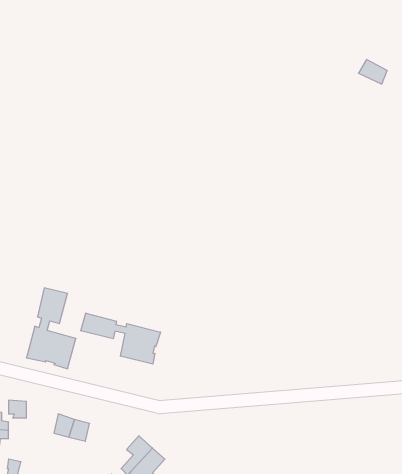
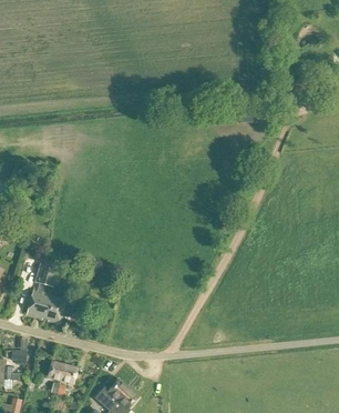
building: [81,313,160,364] -> none

